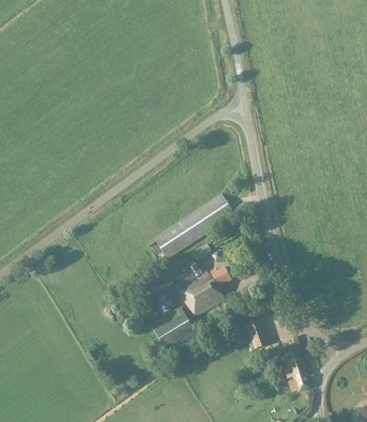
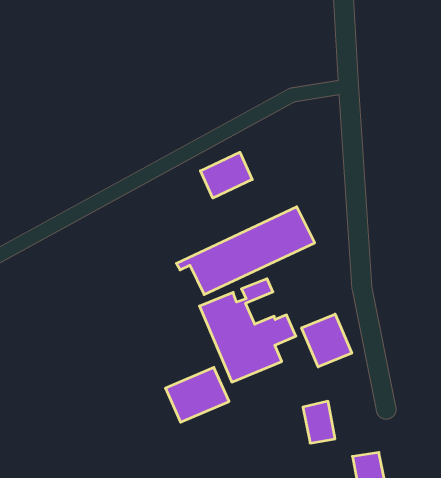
building: none -> [200,152,252,198]
building: none -> [302,314,352,367]

